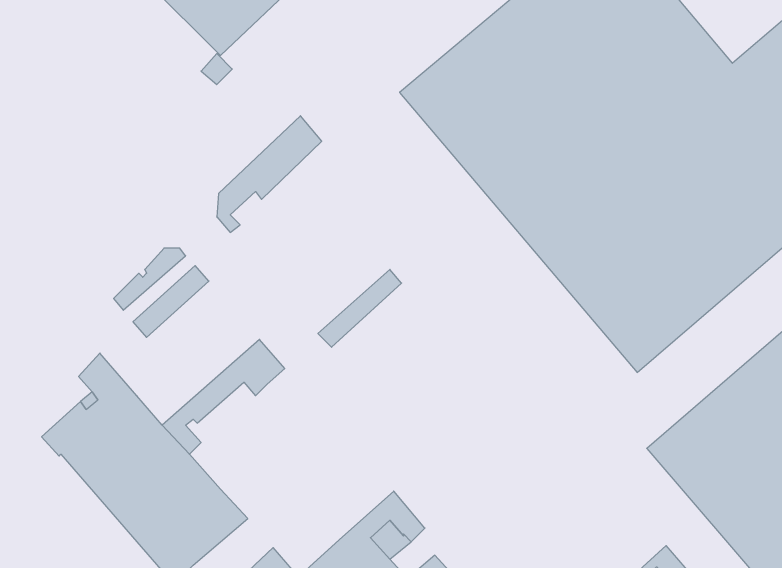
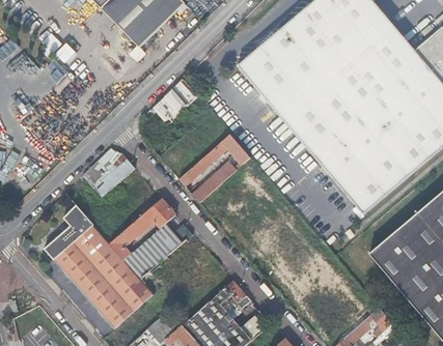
building: none -> [181,135,250,186]
building: none -> [124,222,183,278]

